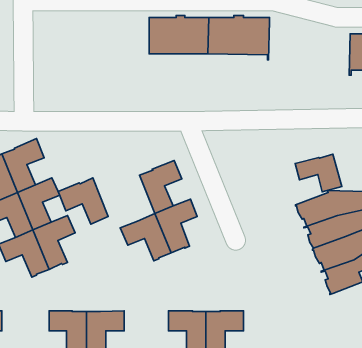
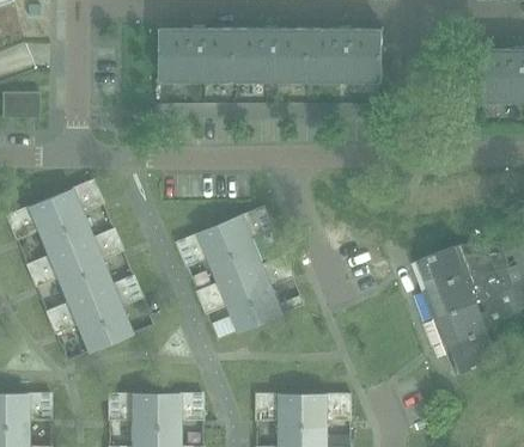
building: none -> [160,25,232,80]
building: [295,154,342,192] -> none
building: [58,178,108,224] -> [177,225,239,282]

